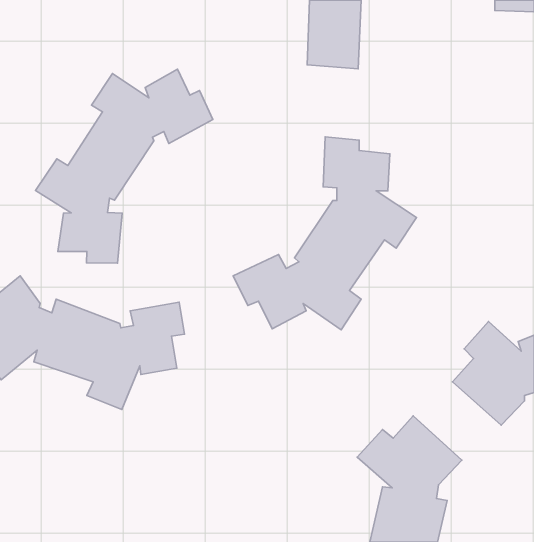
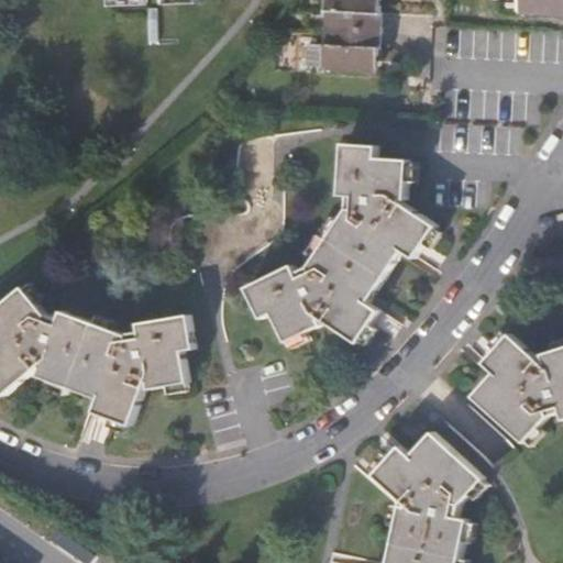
building: [36,69,213,263] -> none

